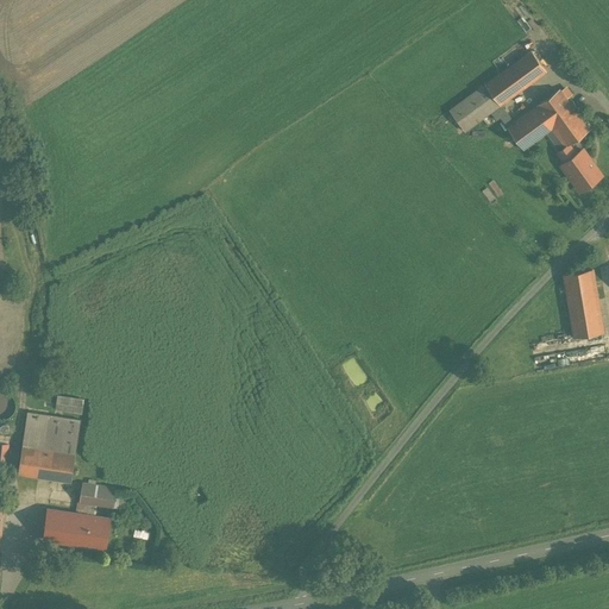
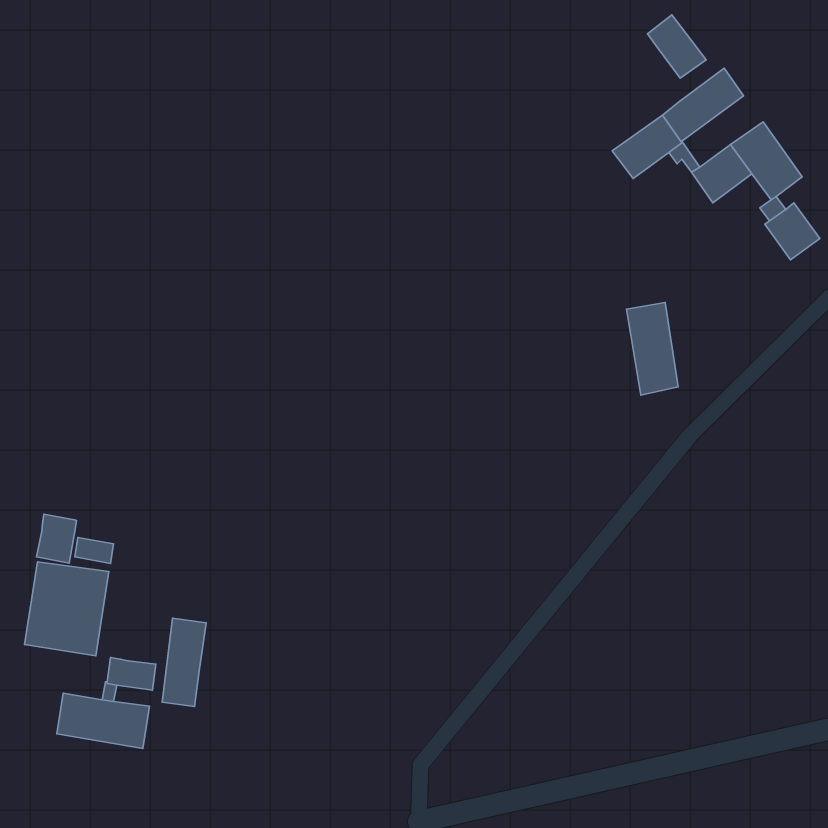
building: none -> [647,15,706,78]
building: [564,270,602,338] -> [626,303,678,395]
building: none -> [36,514,77,563]
building: none -> [162,618,206,706]

